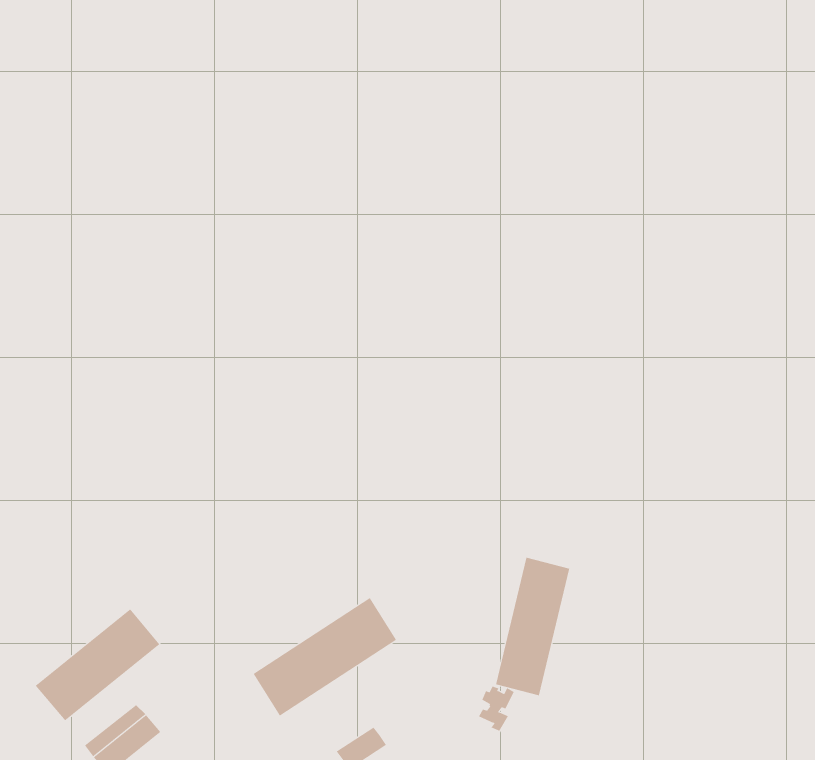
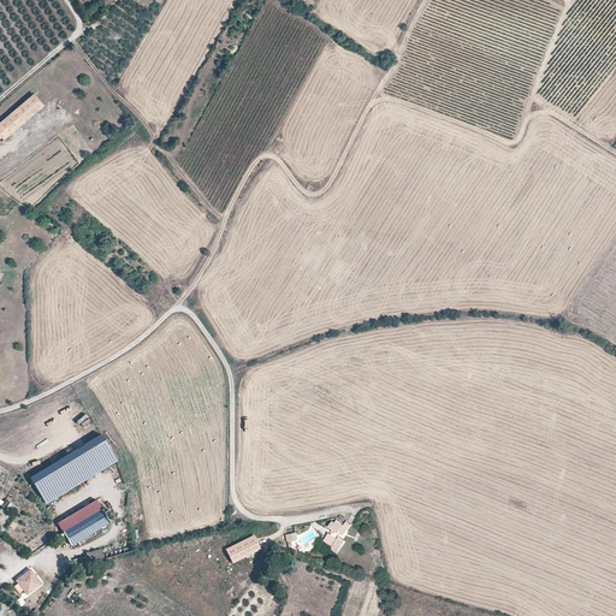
building: [496,557,570,696] -> none
building: [253,597,397,717] -> none

